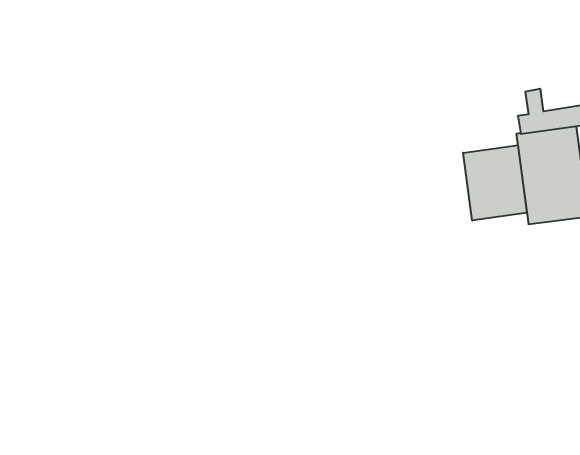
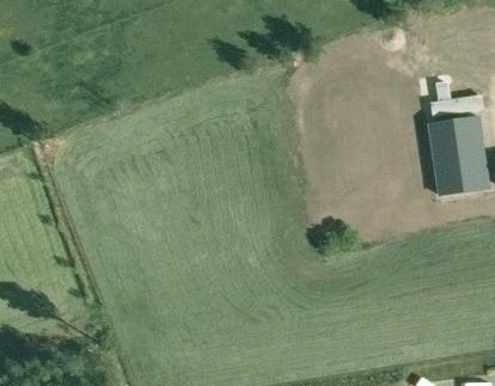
building: [463,145,527,221] -> none

